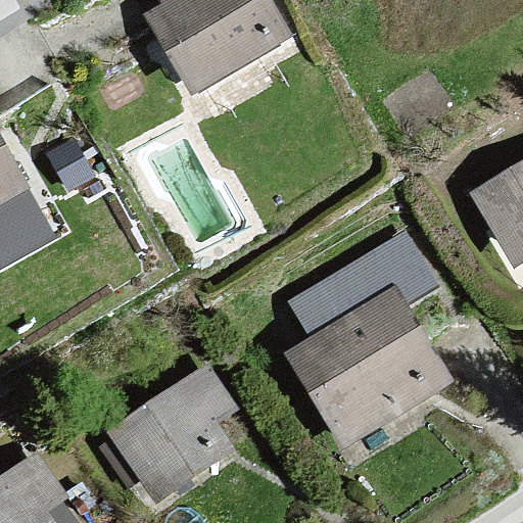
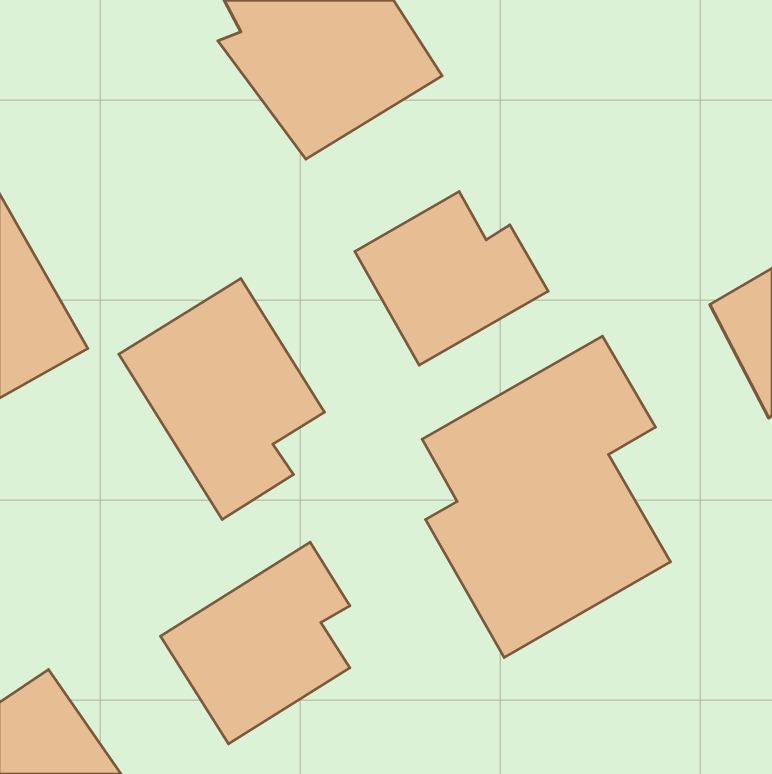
building: none -> [355,192,548,365]
building: none -> [119,279,324,520]

